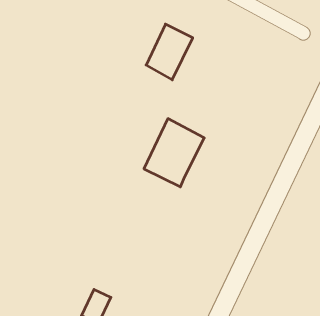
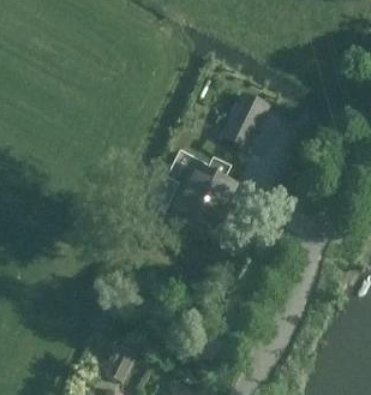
building: [146,24,193,80] -> [217,88,267,146]

